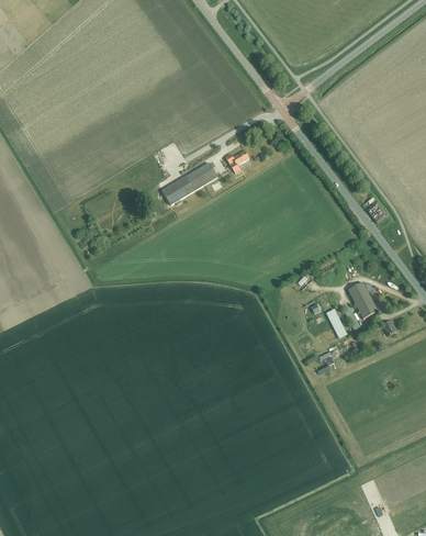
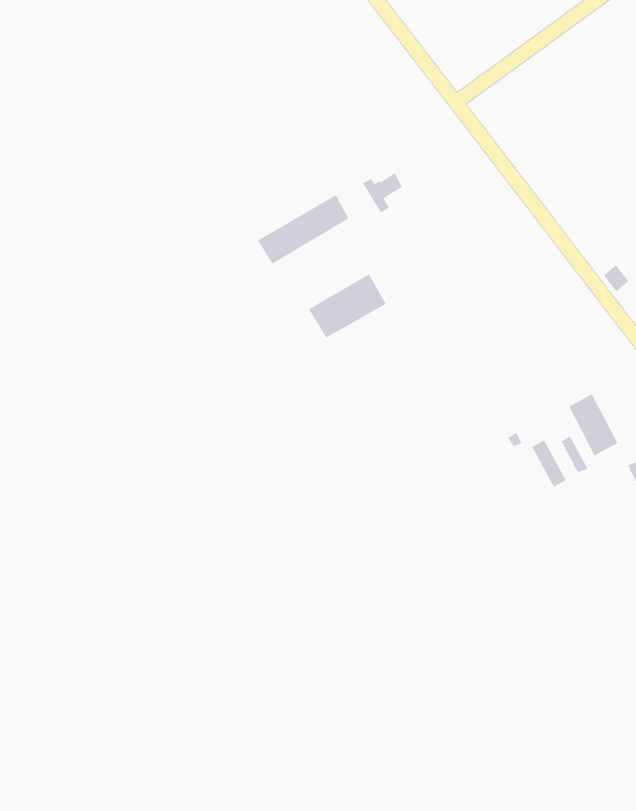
building: none -> [308,273,386,338]

